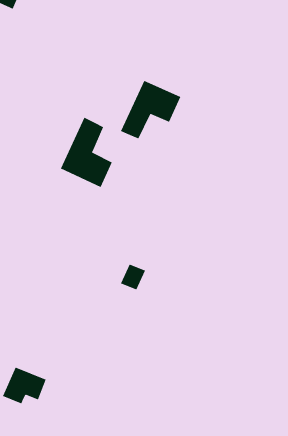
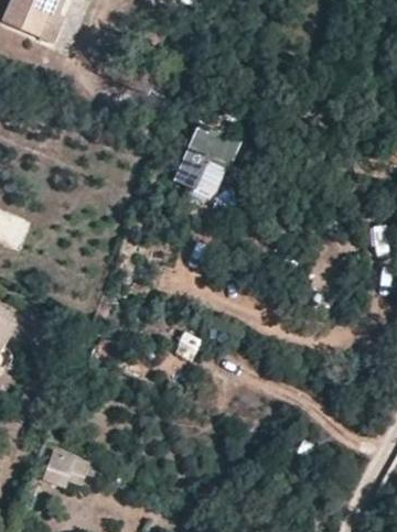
building: [60,117,113,188] -> none

